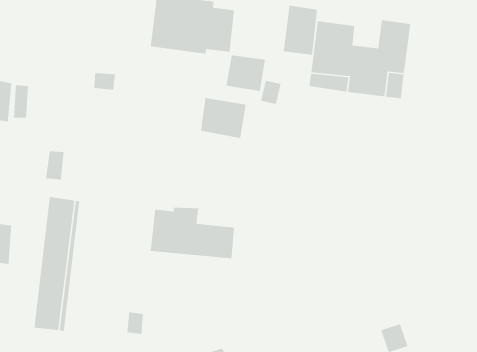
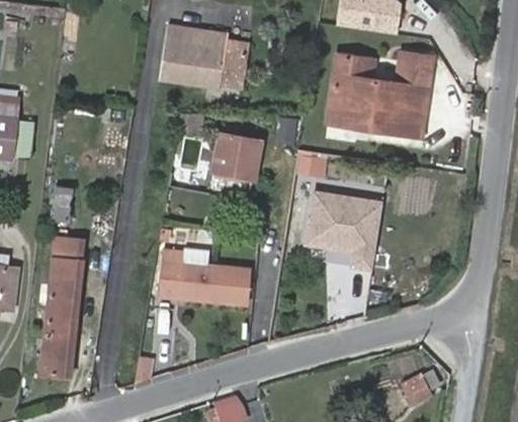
building: [283,5,318,55] -> none
building: [226,55,266,92] -> none
building: none -> [304,190,382,272]

